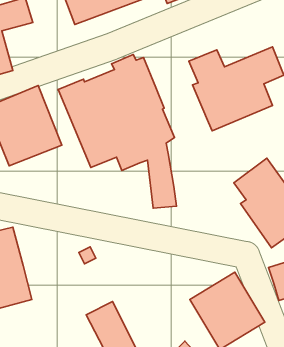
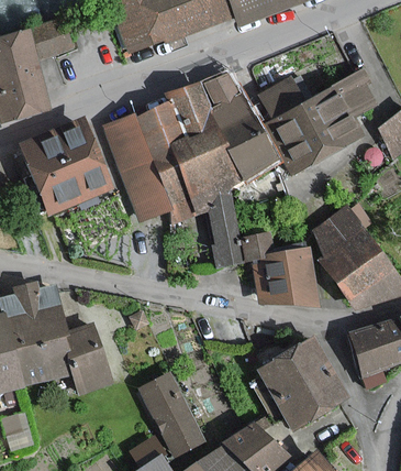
building: none -> [205,77,281,182]
building: none -> [241,234,318,305]
building: none -> [65,324,108,390]

